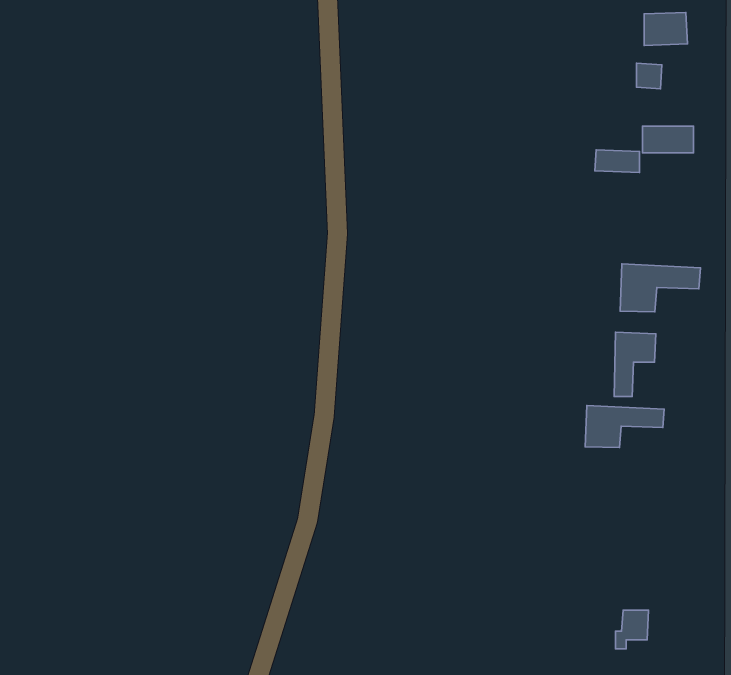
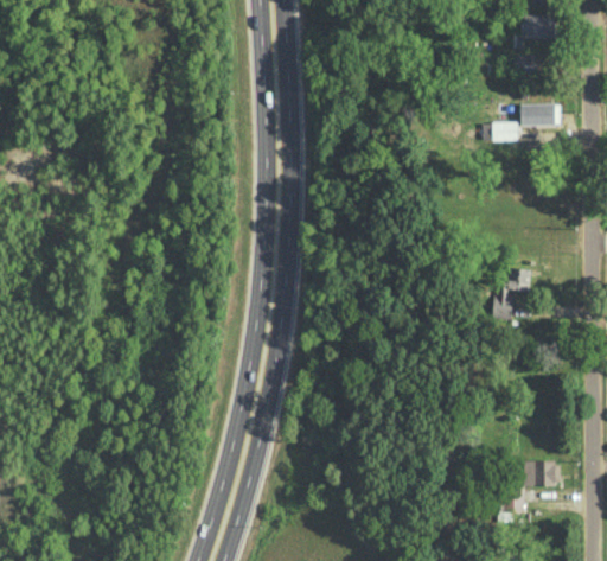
building: [620,264,701,312] -> none
building: [585,405,664,448] -> none
building: none -> [523,461,560,486]

